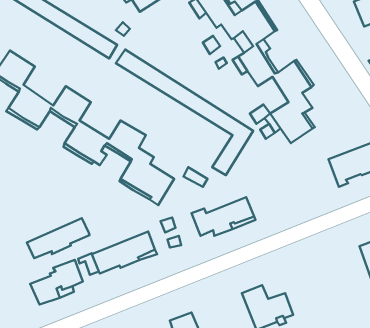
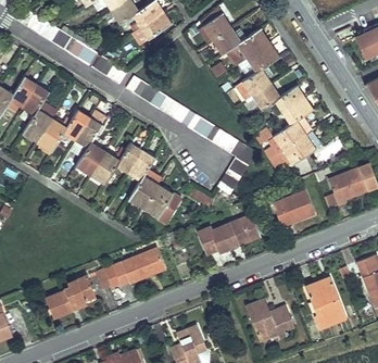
building: none -> [270,189,314,228]
building: [27,218,89,258] -> none
building: none -> [305,276,345,327]

